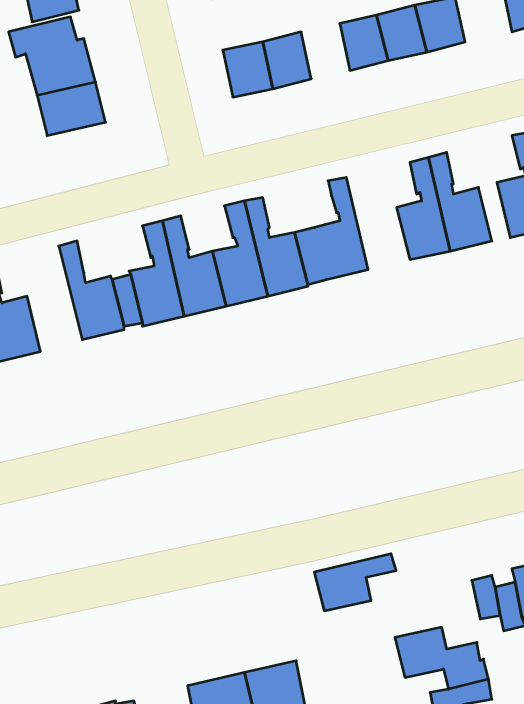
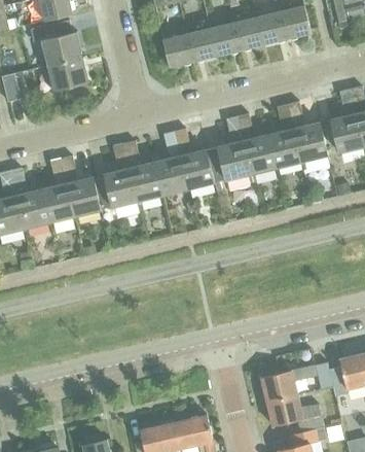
building: none -> [209,23,239,57]
building: none -> [236,114,276,174]
building: none -> [40,160,74,224]
building: [314,554,396,611] -> [260,366,311,401]

